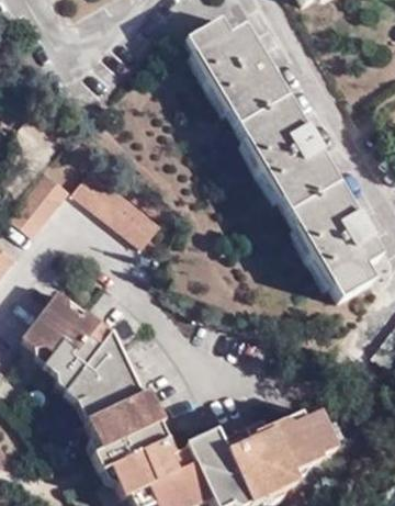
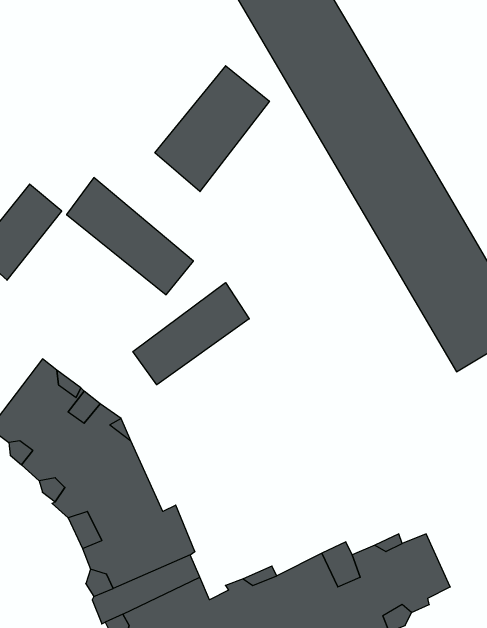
building: none -> [155,66,269,192]
building: none -> [133,283,249,385]

